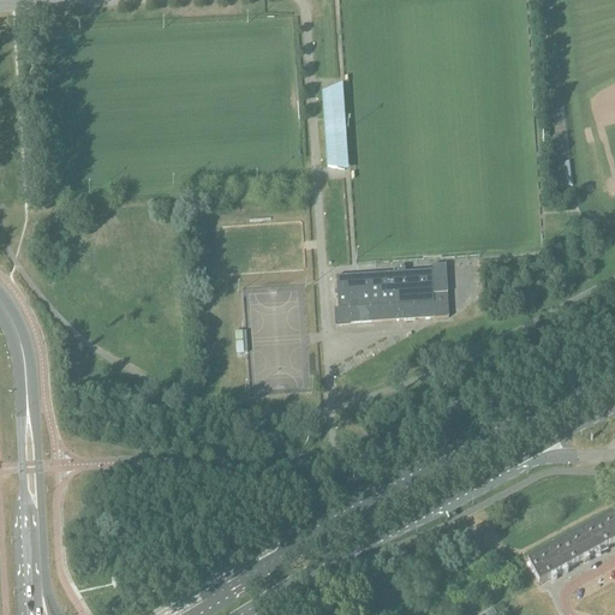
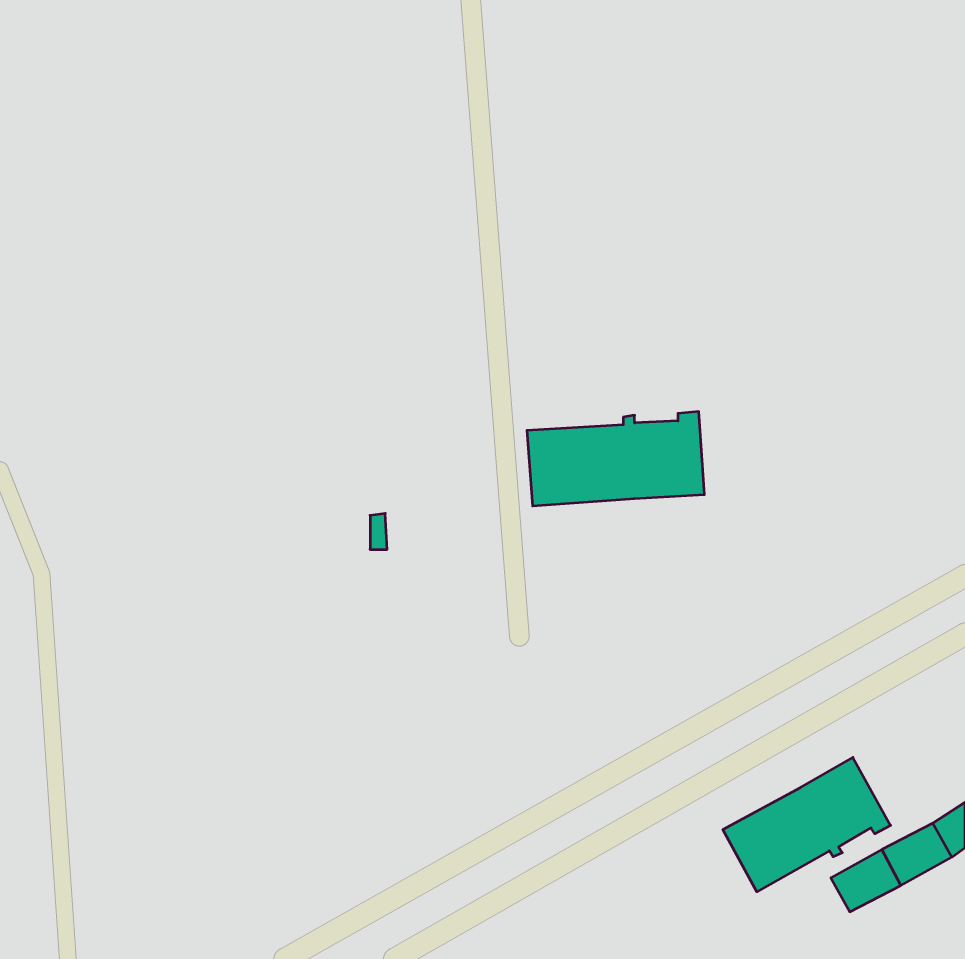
building: [323,83,347,165] -> none
building: none -> [723,757,891,892]

